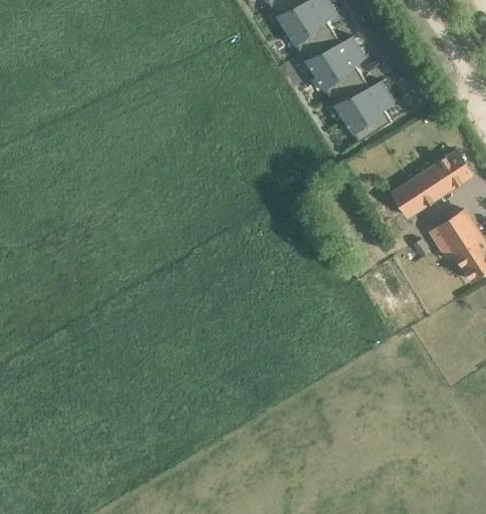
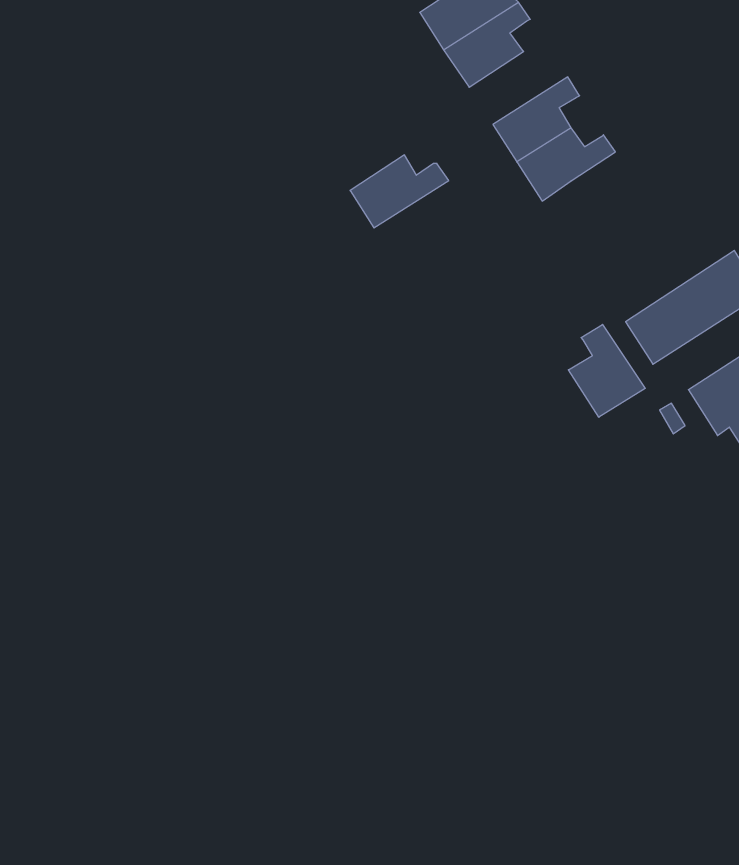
building: [300,31,358,74] -> [350,155,449,228]
building: [343,90,394,142] -> none
building: none -> [568,324,645,417]

